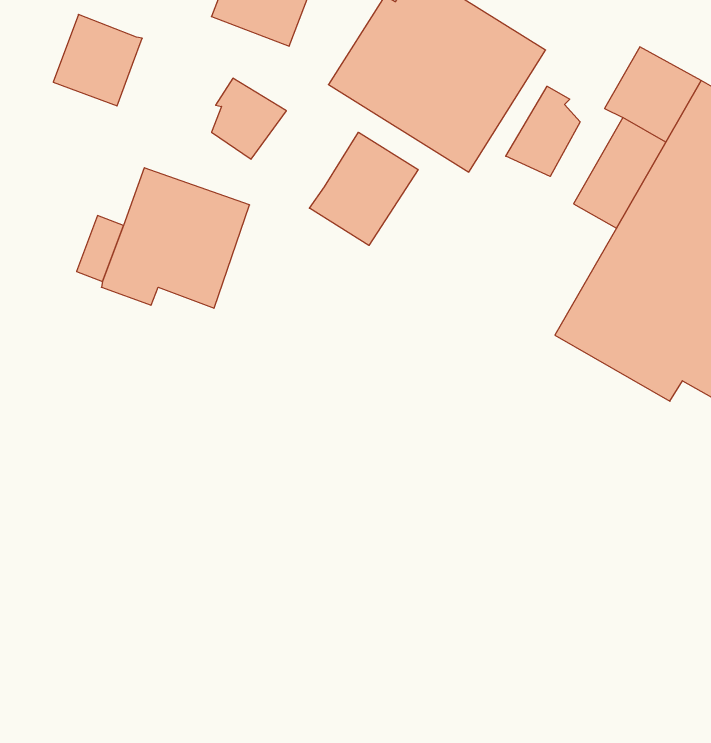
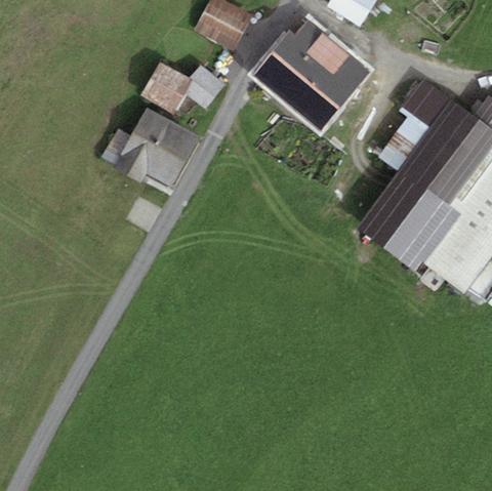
building: [53,14,142,106] -> [141,62,193,114]
building: [506,86,580,176] -> none
building: [309,132,418,245] -> none

